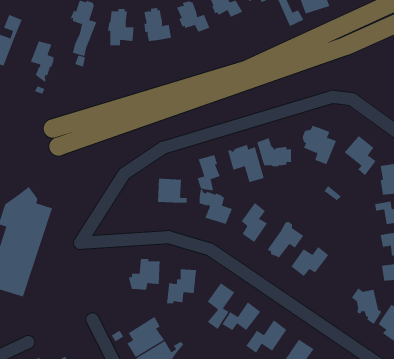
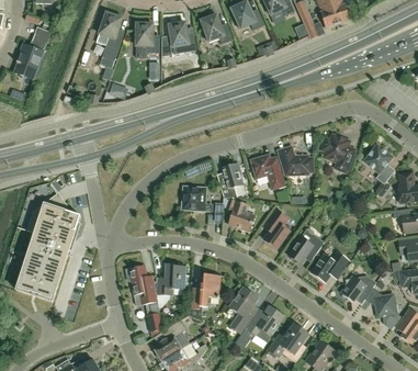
building: [30,41,54,83] -> none
building: none -> [126,267,162,330]
building: none -> [340,274,375,302]

